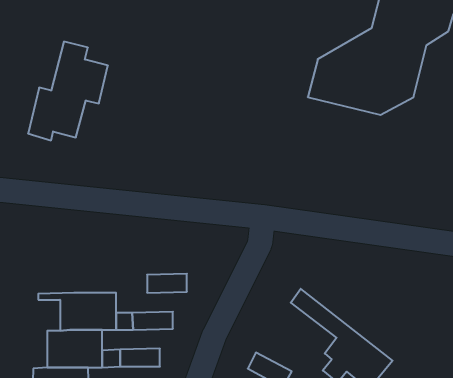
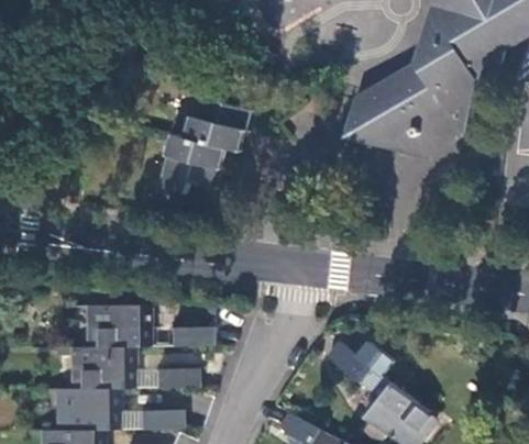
building: [28,42,108,140] -> [159,82,247,191]
building: none -> [88,304,150,346]

